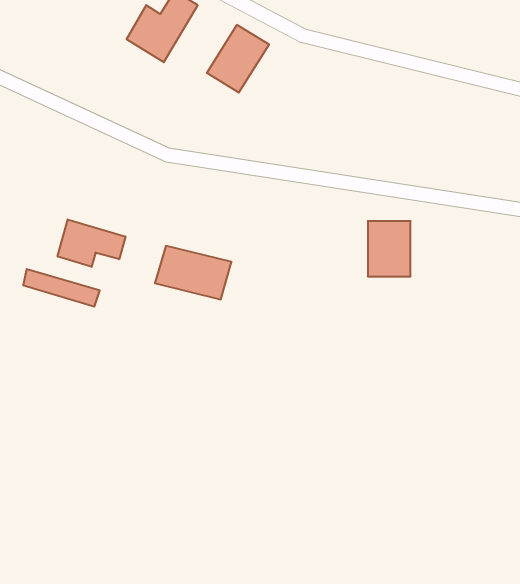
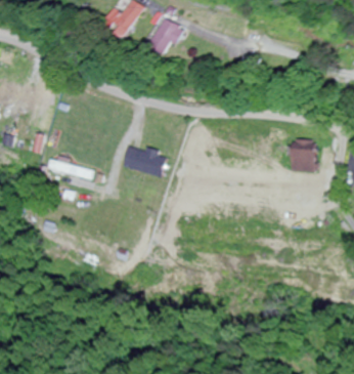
building: [58,219,125,267] -> none
building: [368,221,411,276] -> [290,138,314,170]

